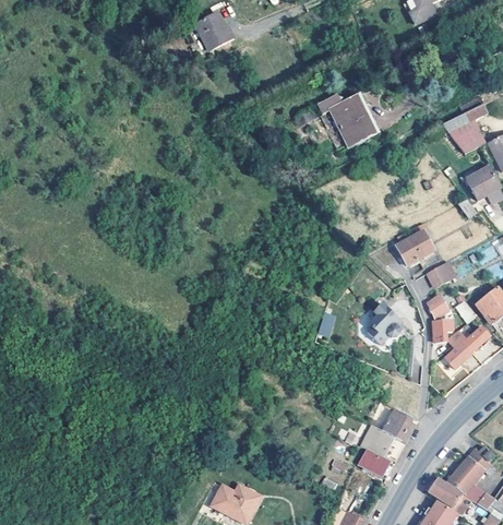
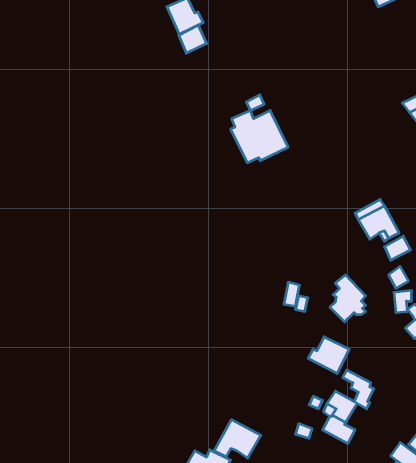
building: none -> [179,25,207,53]
building: [319,94,379,148] -> [231,110,288,163]
building: none -> [308,337,349,374]
building: none -> [214,420,261,458]

